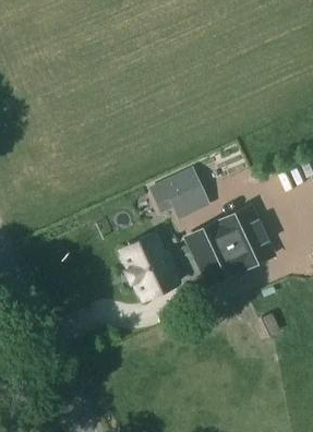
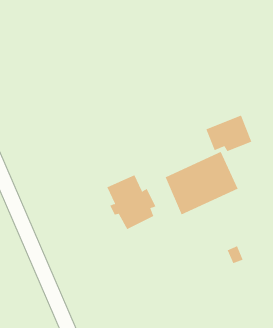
building: [152,172,204,214] -> [206,115,252,152]

